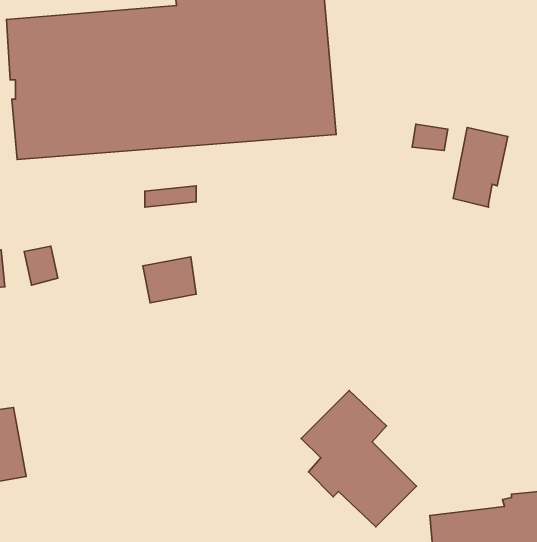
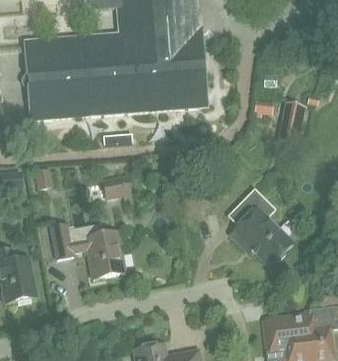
building: none -> [50,224,125,279]
building: [301,391,416,527] -> [227,189,292,266]

